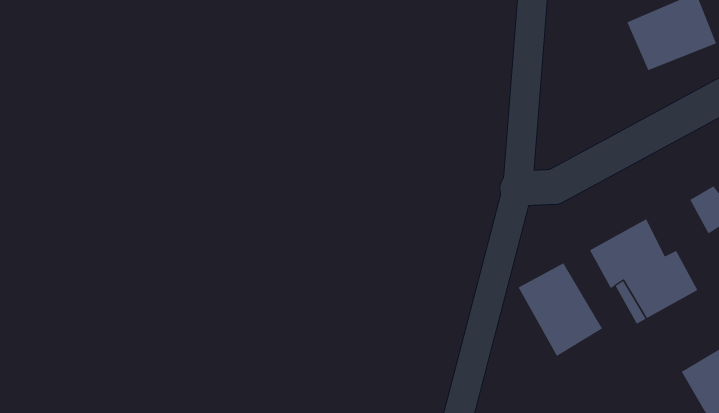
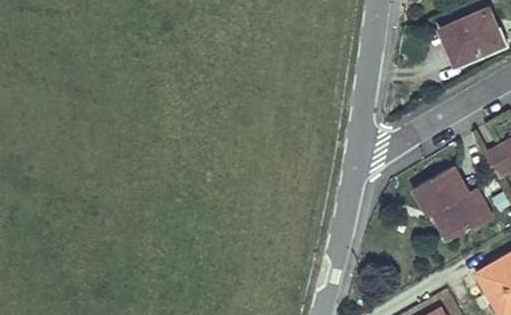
building: [518,262,603,357] -> none

